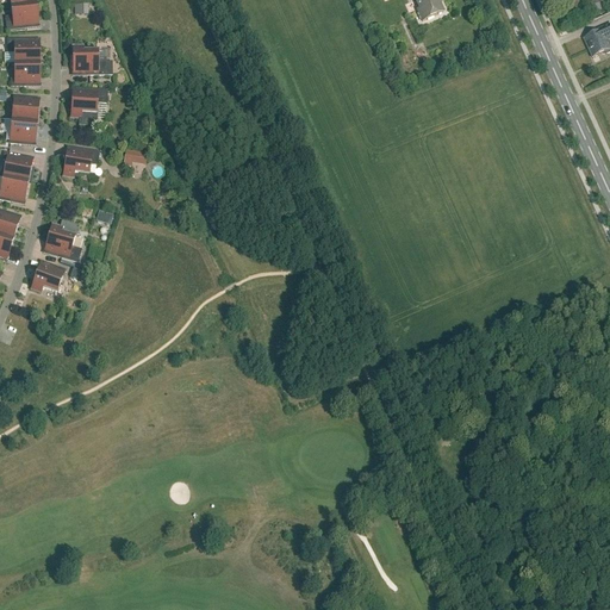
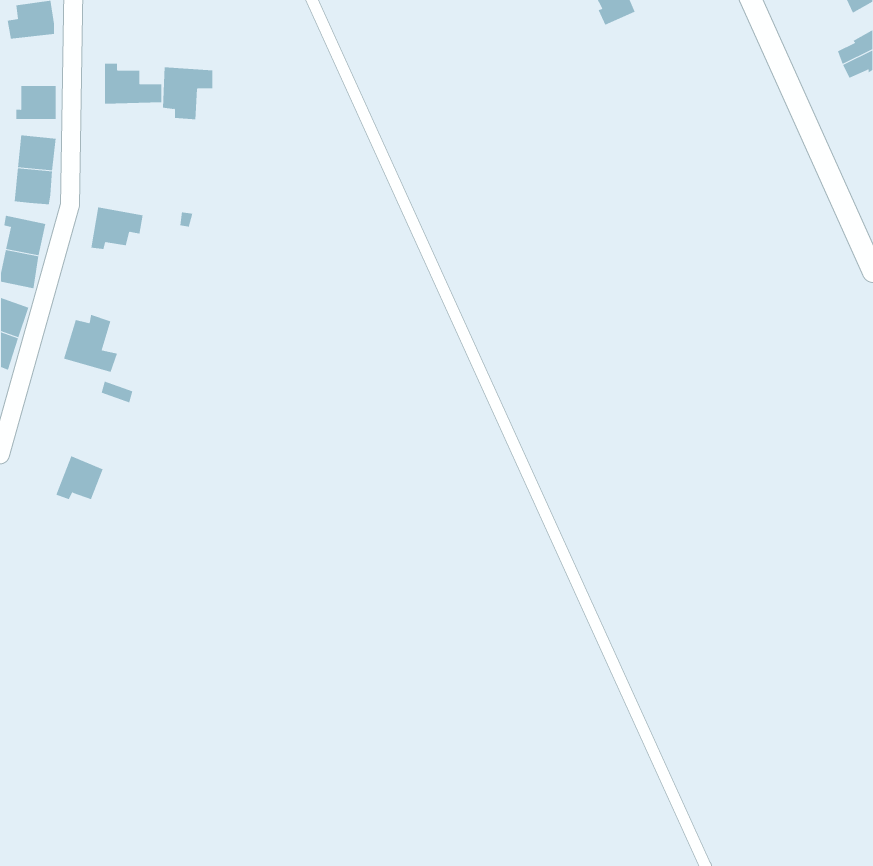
building: [7,37,39,60] -> none
building: [71,86,107,123] -> [162,67,213,120]
building: [31,259,64,290] -> [56,456,103,500]

